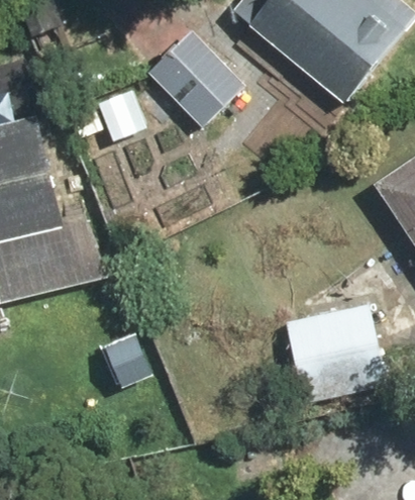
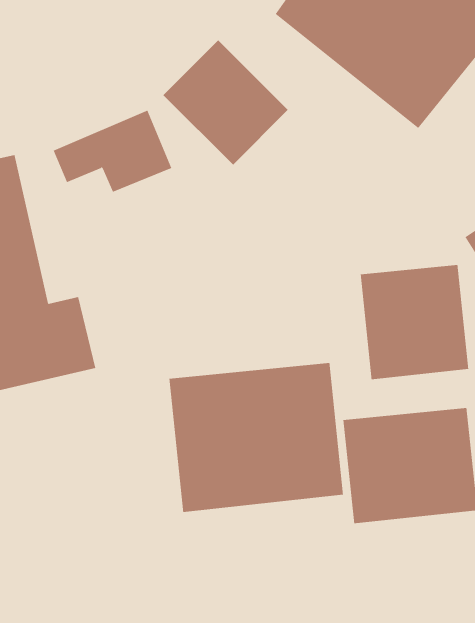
building: none -> [360,264,469,380]
building: none -> [169,362,344,513]

